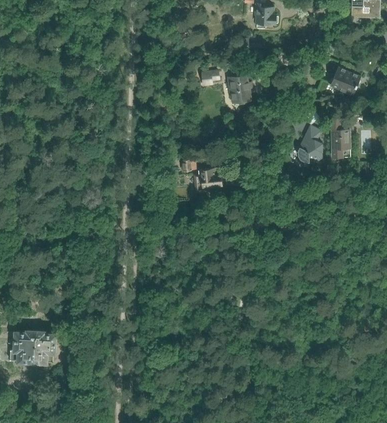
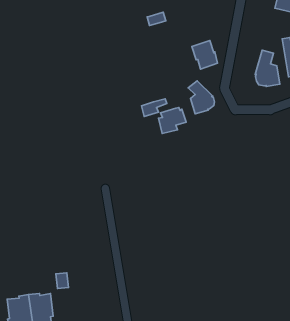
building: [227,75,250,102] -> [192,41,218,69]
building: none -> [188,81,215,114]

